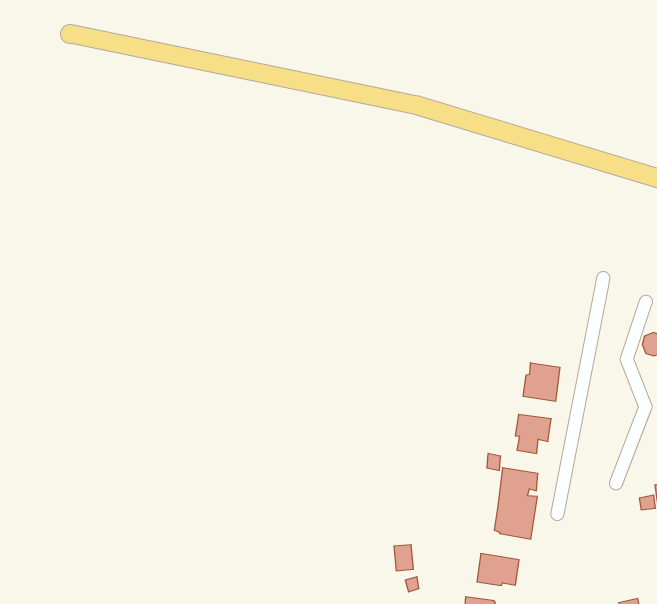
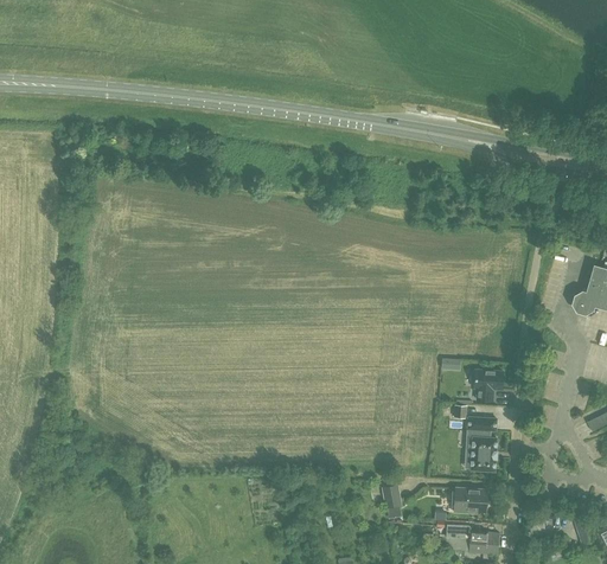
building: [523,363,560,401] -> none

